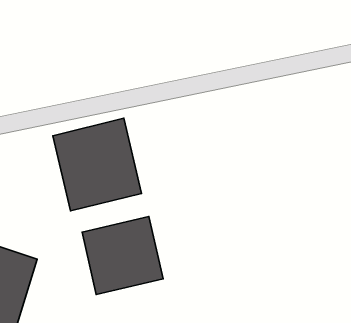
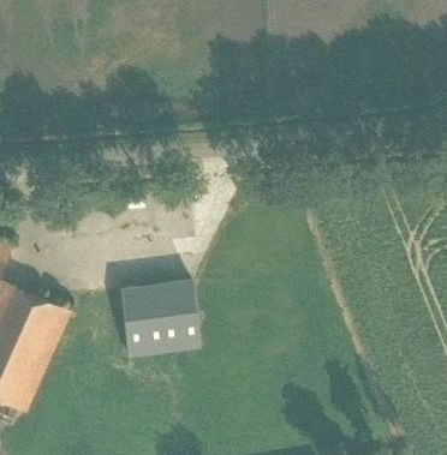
building: [53,118,142,211] -> none

